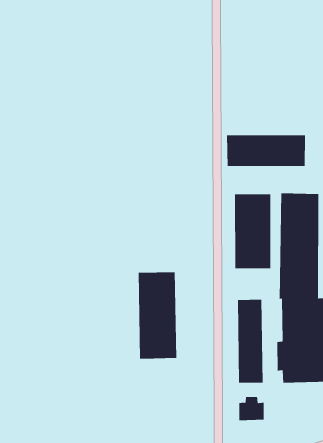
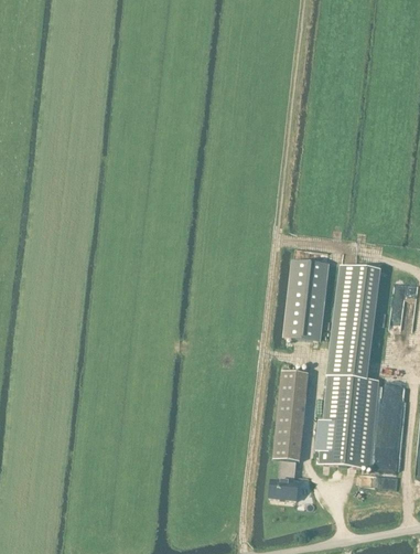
building: [226,135,305,167] -> none
building: [138,272,177,359] -> none

